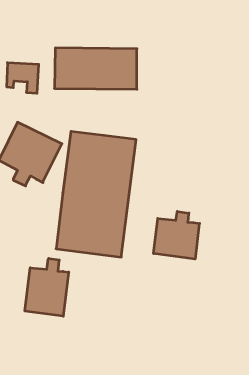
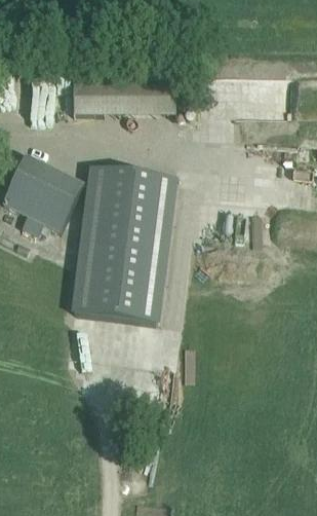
building: [154,211,200,259] -> none
building: [25,258,69,316] -> none

